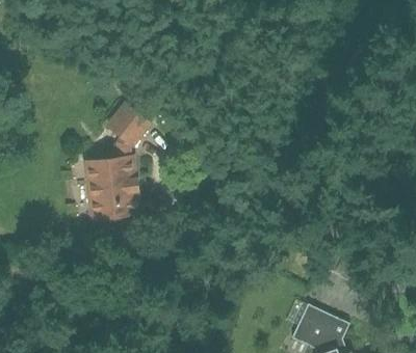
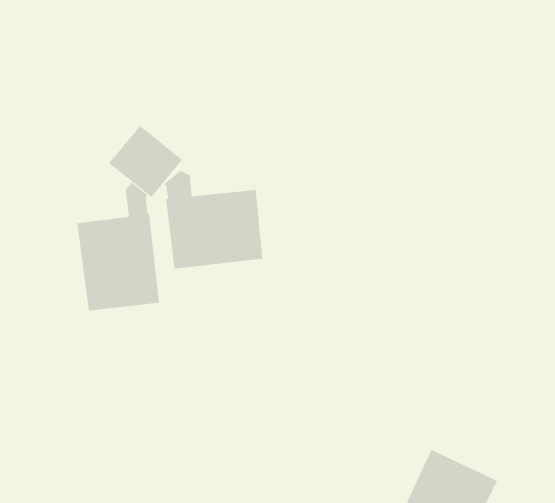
building: none -> [163,170,263,270]

